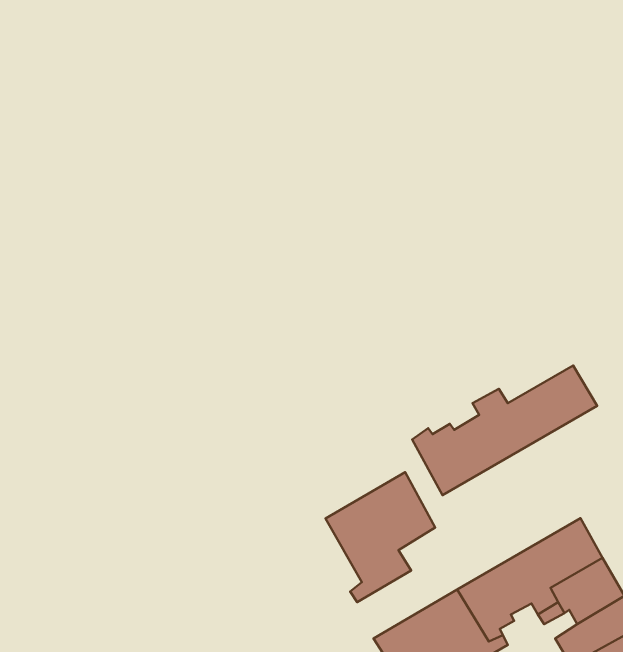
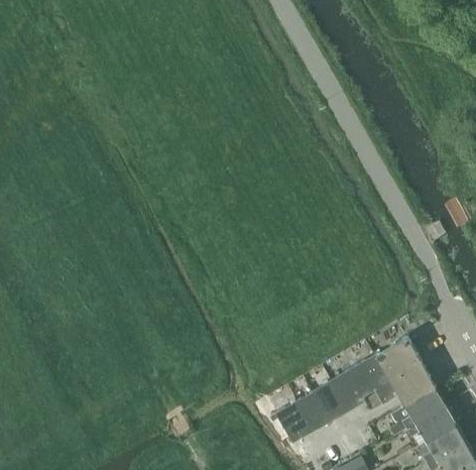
building: [412,365,597,495] -> none
building: [326,472,435,602] -> none

